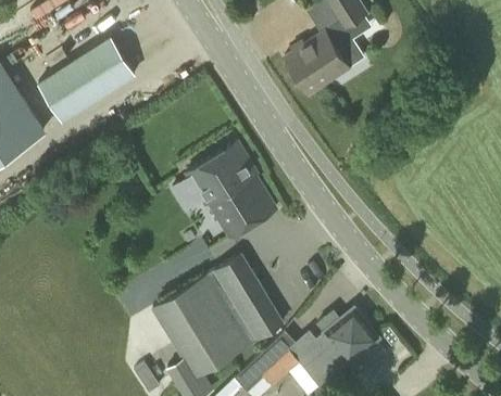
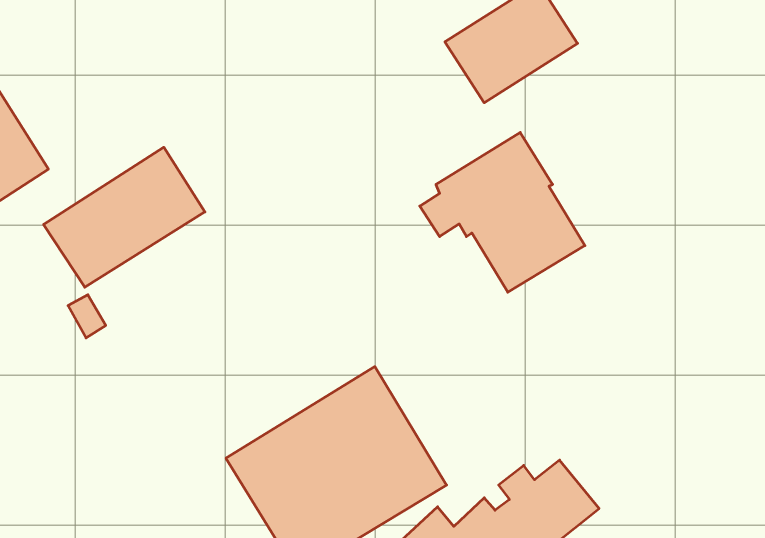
building: [37,38,135,123] -> [44,147,205,287]
building: [176,142,276,239] -> [420,132,585,292]

